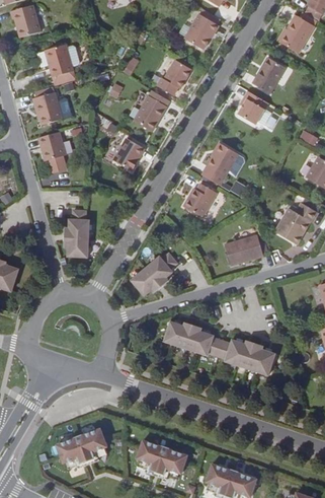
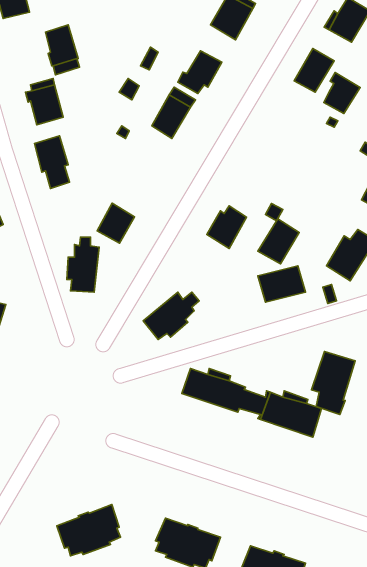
building: [237,91,266,125] -> [324,72,360,114]
building: [114,136,145,168] -> [97,203,135,243]
building: [198,150,232,187] -> [258,219,299,264]
building: none -> [311,351,355,414]

